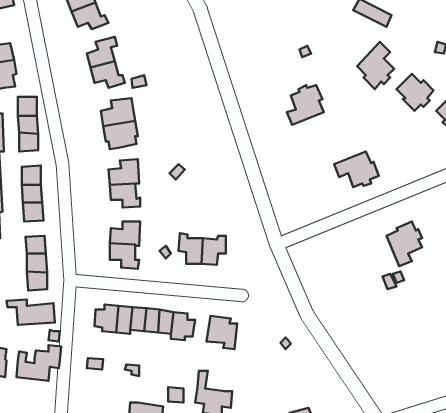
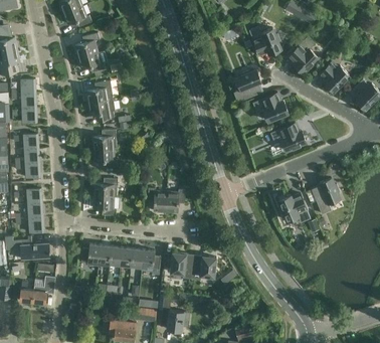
building: none -> [248,24,279,54]
building: none -> [251,93,288,121]
building: none -> [277,193,310,222]
building: none -> [191,255,215,280]

